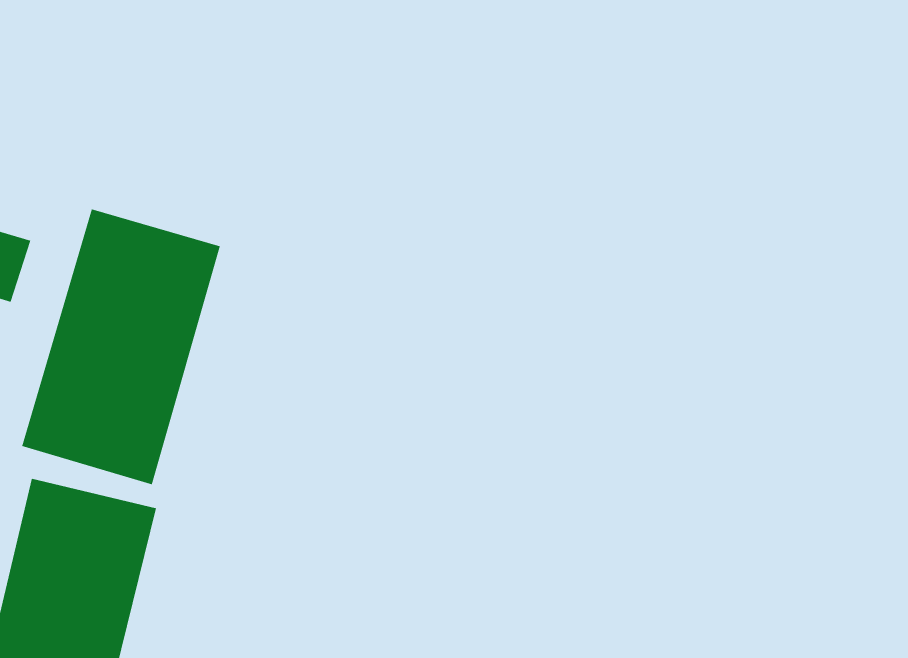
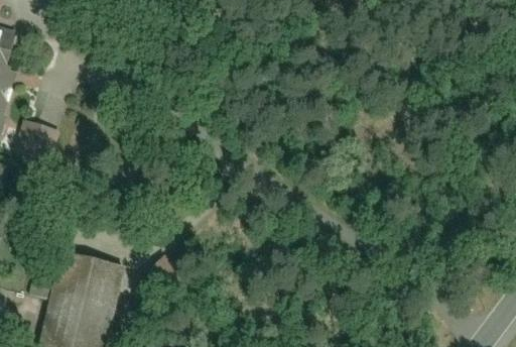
building: [21,208,221,485] -> none

